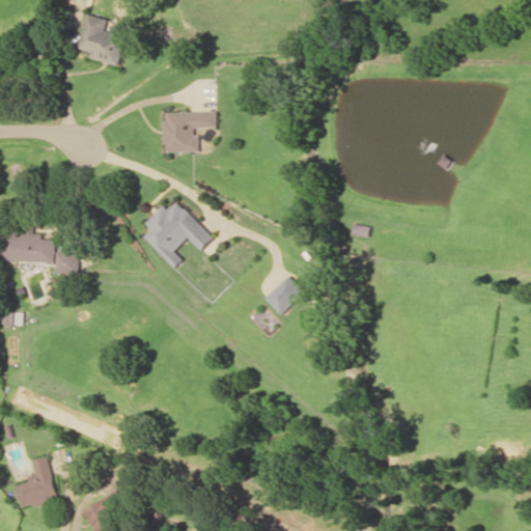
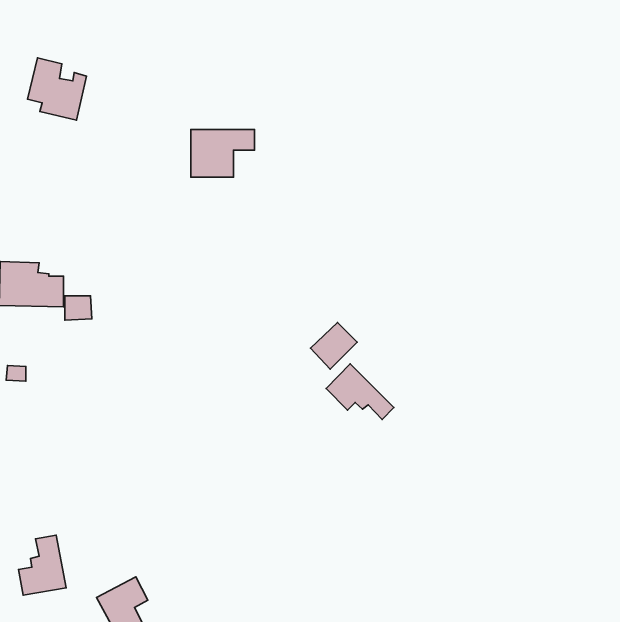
building: [77,13,127,66] -> [28,58,86,120]
building: [142,201,215,269] -> none
building: none -> [326,364,394,420]

